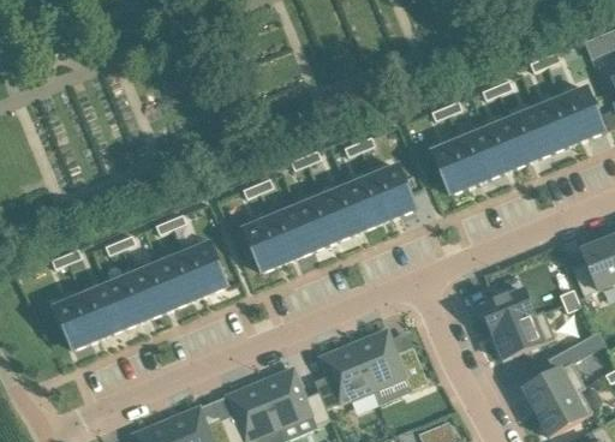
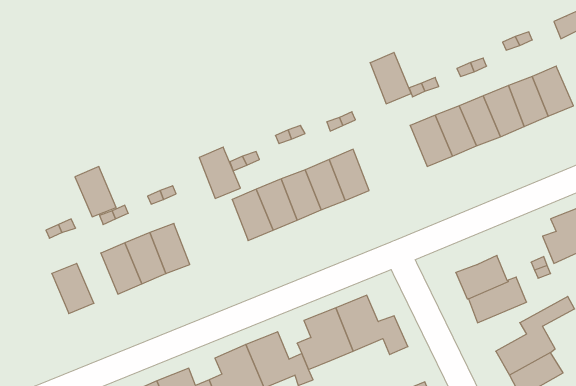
building: [372,165,416,219] -> [370,52,411,104]
building: [184,243,227,297] -> [199,147,240,198]
building: [82,285,125,338] -> [75,167,116,217]

